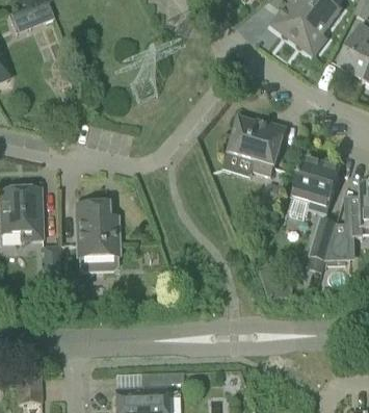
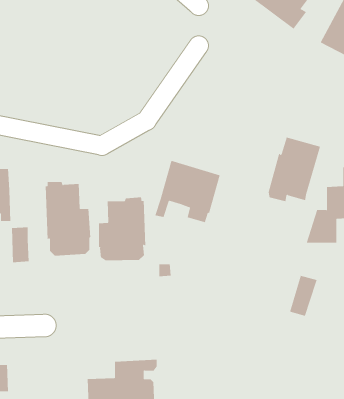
building: [222,115,286,176] -> [154,160,221,223]
building: none -> [98,197,146,261]
building: [310,221,337,260] -> [289,275,317,317]

